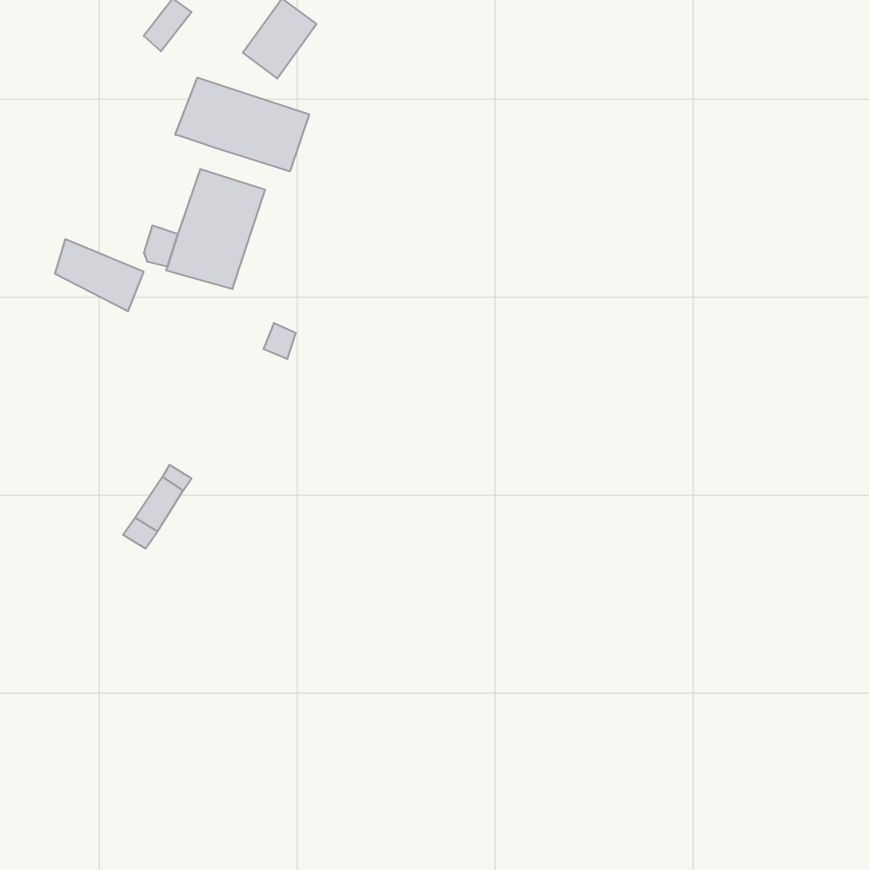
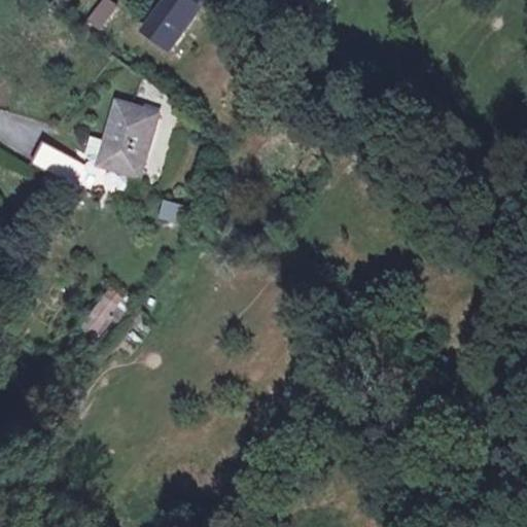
building: [175,78,309,171] -> none

